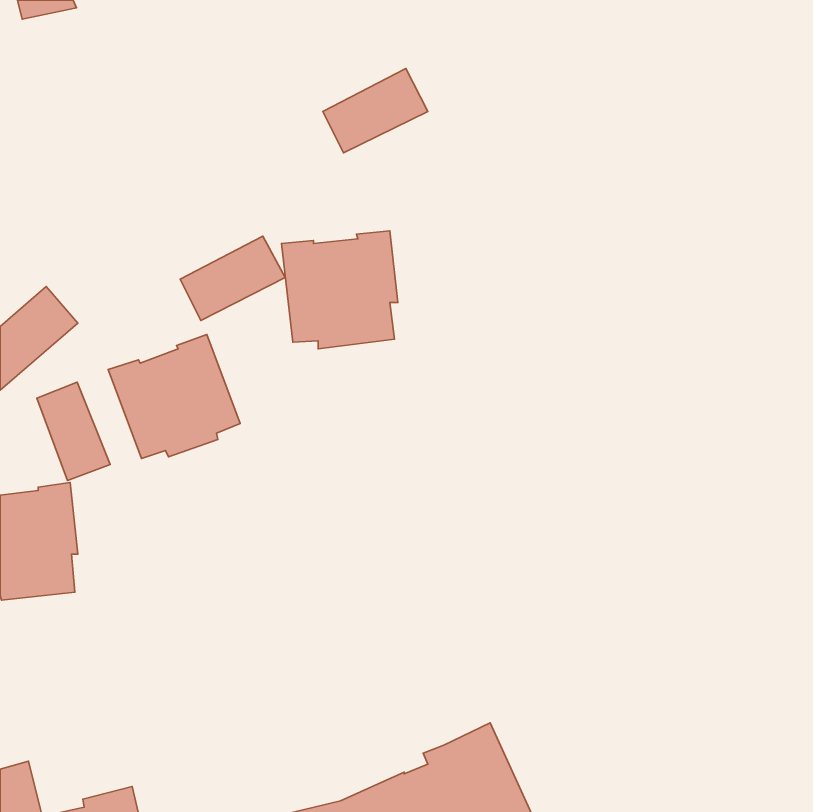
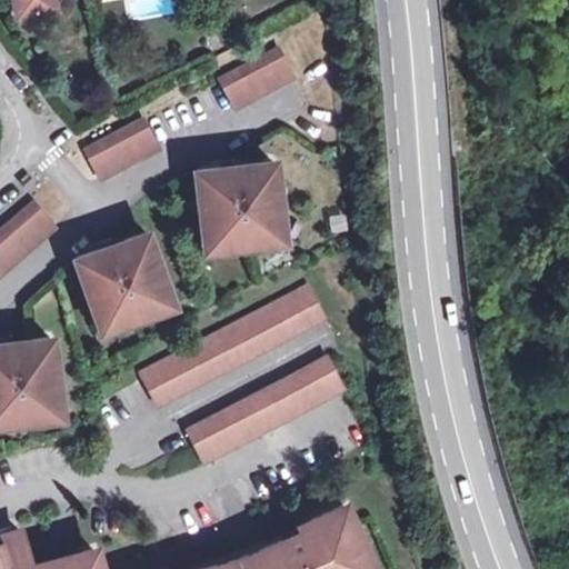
building: [180,236,285,320] -> [89,119,162,178]
building: [37,382,110,480] -> none
building: none -> [140,287,323,406]
building: none -> [186,358,342,461]

